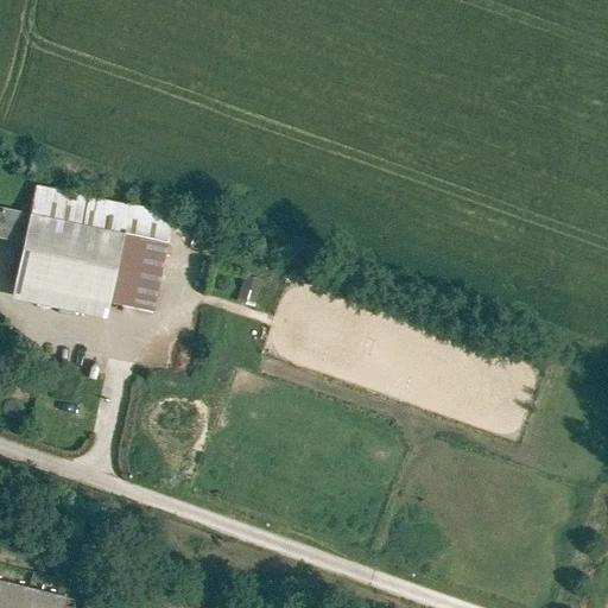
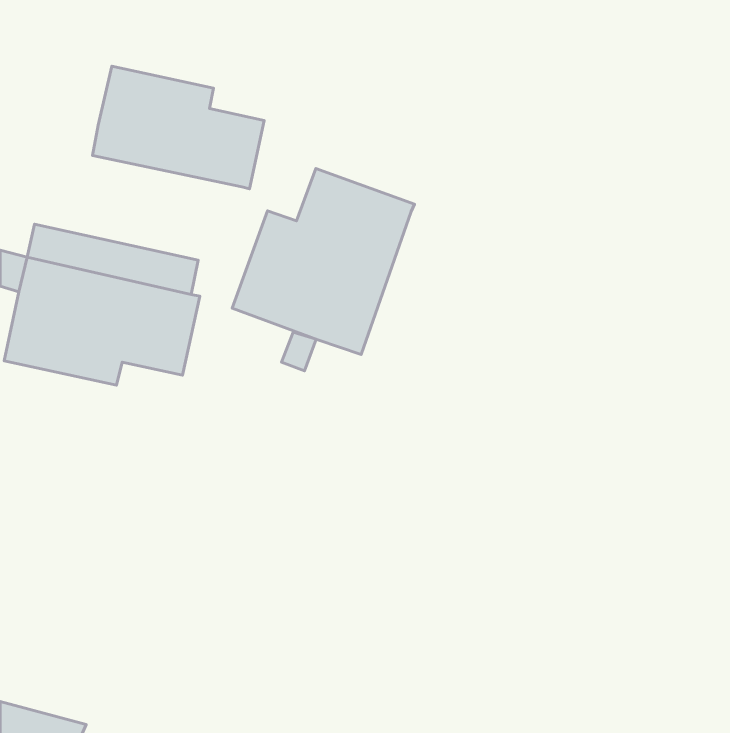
building: none -> [92,66,264,189]
building: none -> [232,169,414,355]

